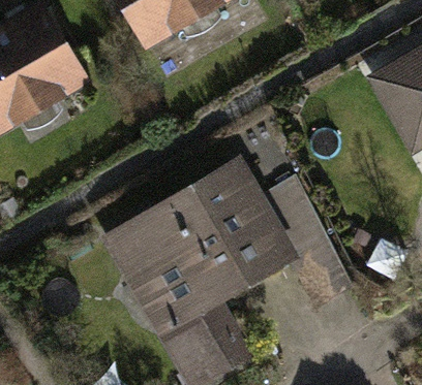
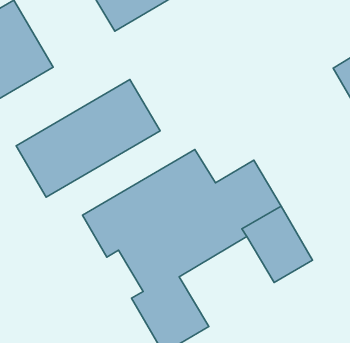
building: none -> [16,79,160,197]

